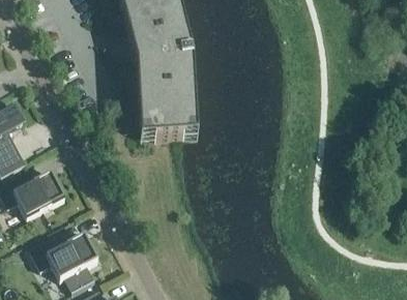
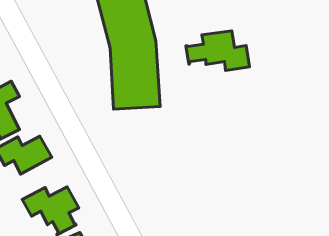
building: none -> [186,31,250,70]

